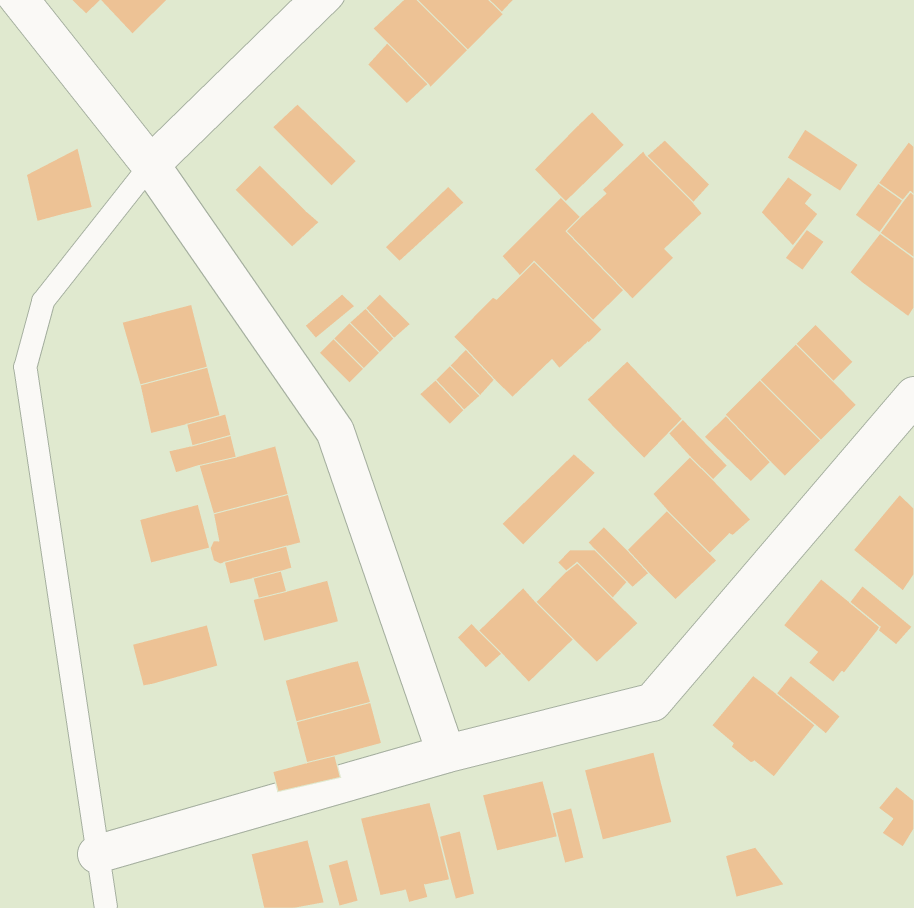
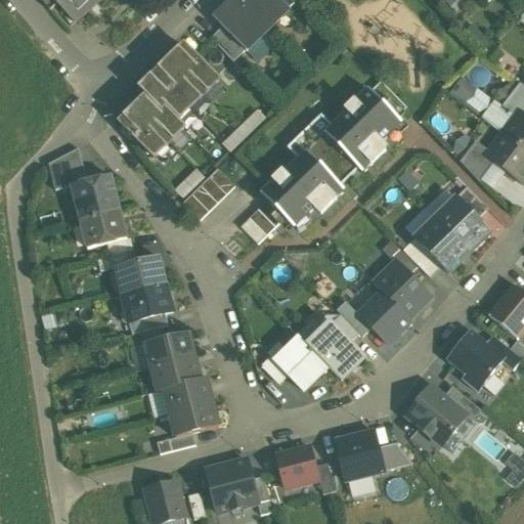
building: none -> [170,45,218,92]
building: [533,111,625,202] -> none
building: none -> [142,73,189,121]
building: [26,148,92,221] -> [48,146,86,188]
building: [761,176,818,246] -> [460,140,492,180]
building: none -> [120,108,167,156]
building: [587,361,683,459] -> none
building: [502,453,595,545] -> none
building: [139,504,210,563] -> none
building: [132,625,218,686] -> [150,355,200,390]
building: [725,847,784,897] -> [378,441,411,470]

